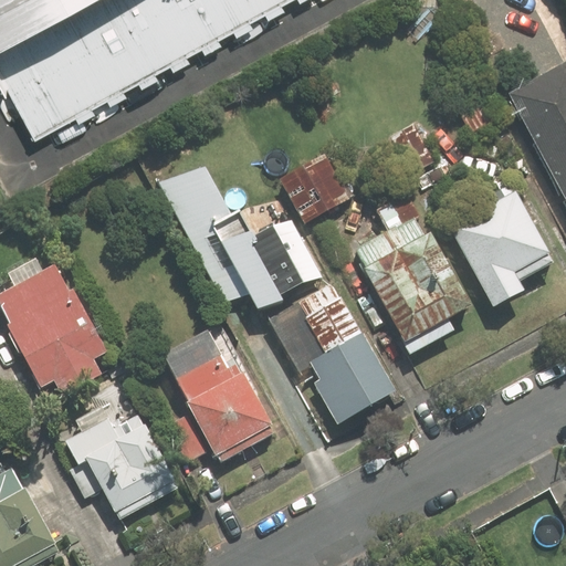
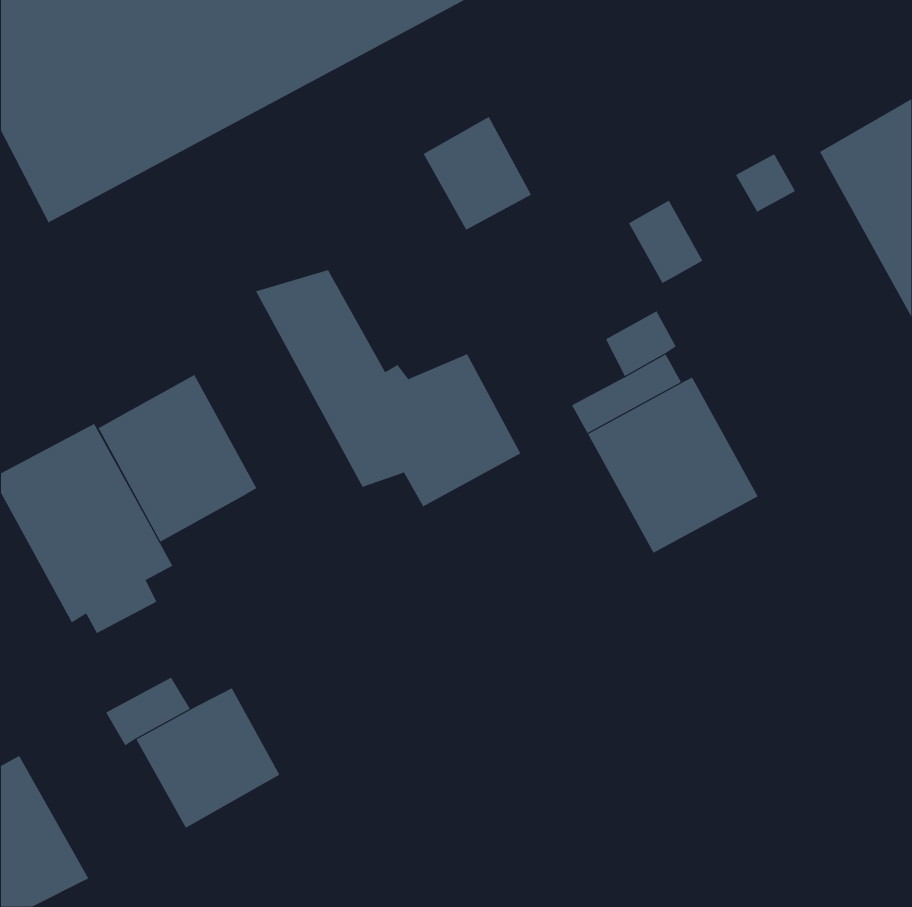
building: [284,155,352,226] -> [423,116,532,231]
building: [448,191,547,307] -> none
building: none -> [98,374,257,542]
building: [274,282,394,424] -> none
building: [159,327,271,457] -> none

